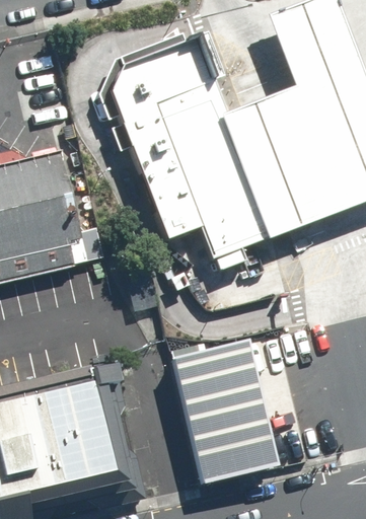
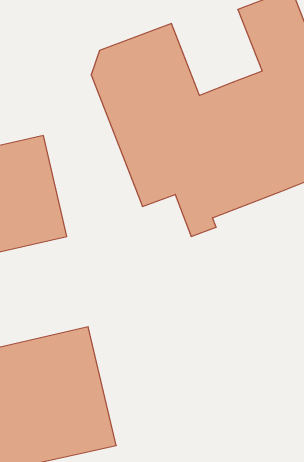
building: [169,338,271,477] -> none

